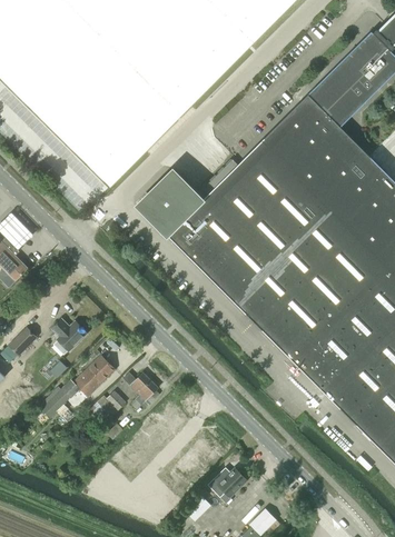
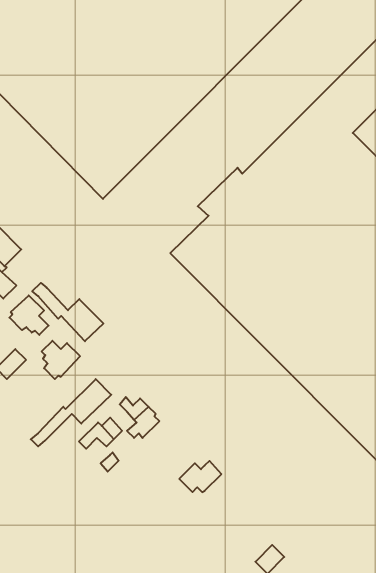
building: [138,171,206,238] -> none
building: none -> [32,283,103,341]
building: none -> [9,295,49,335]
building: [207,468,246,497] -> [179,461,221,492]

